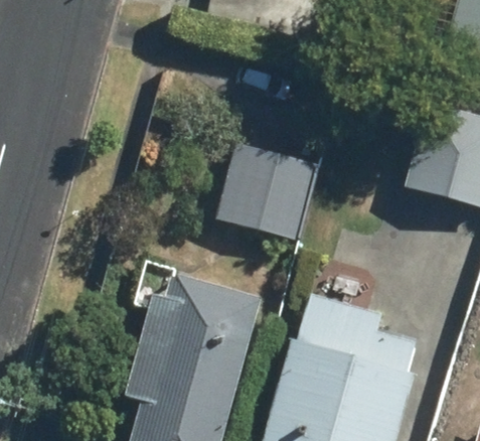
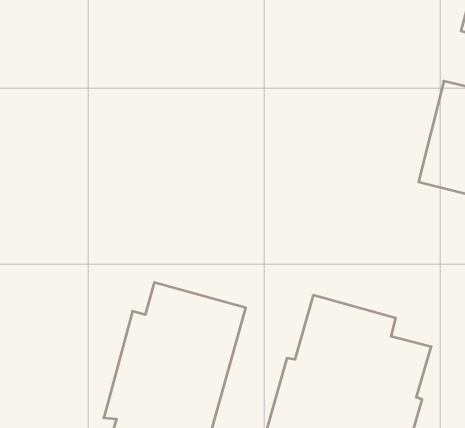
building: [217,145,317,240] -> none

